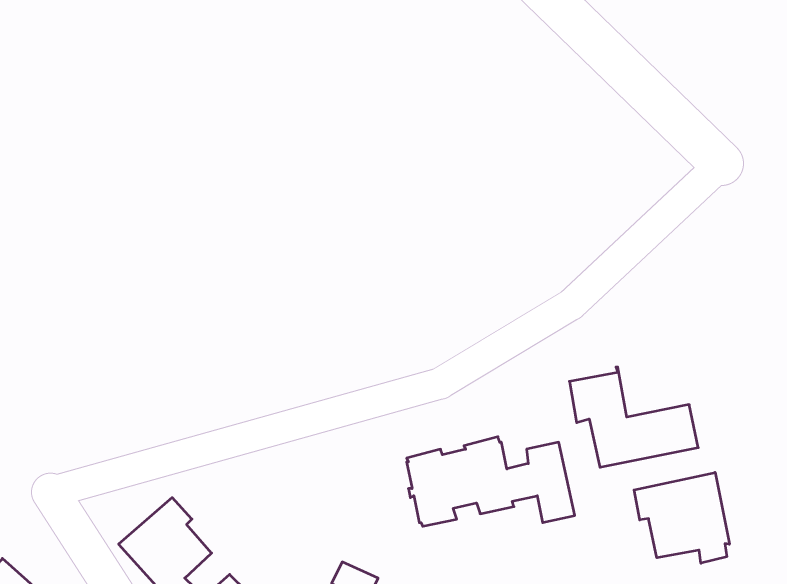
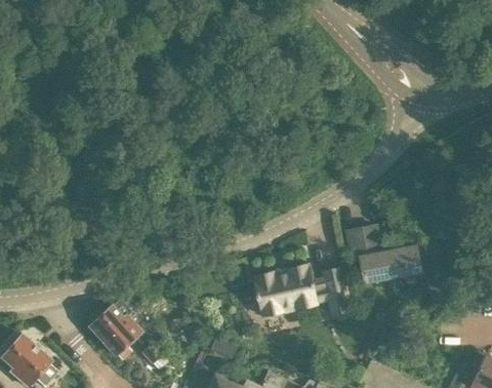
building: [634,472,729,563] -> none

